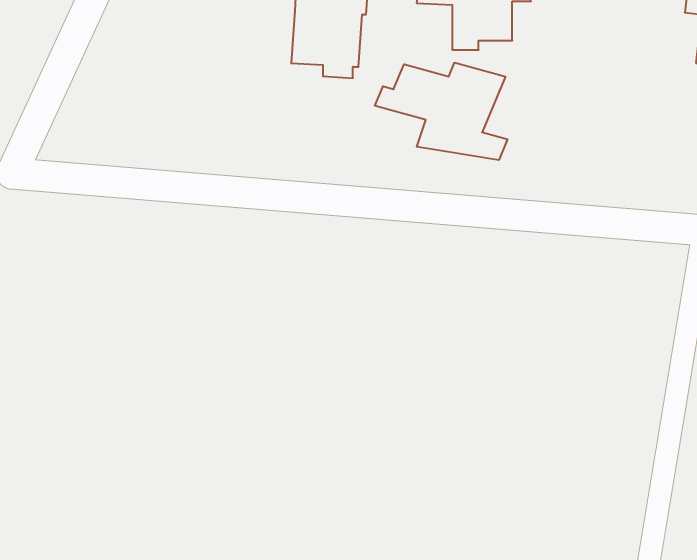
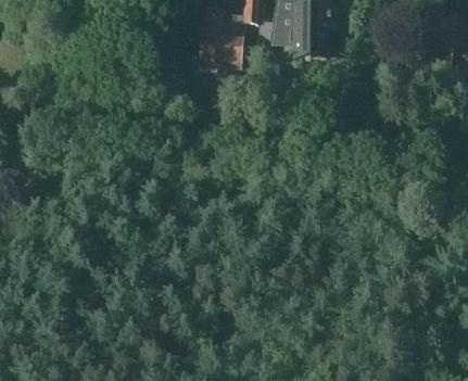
building: [375,63,507,160] -> none

